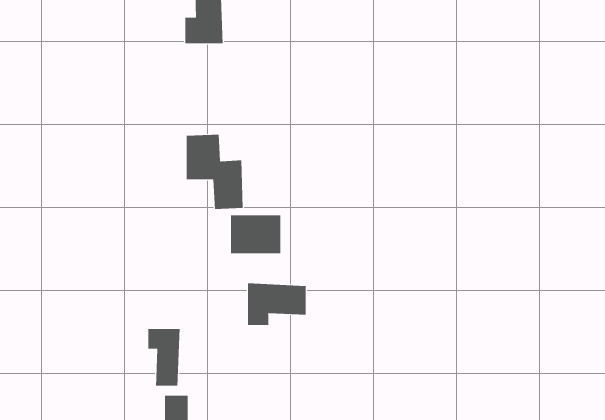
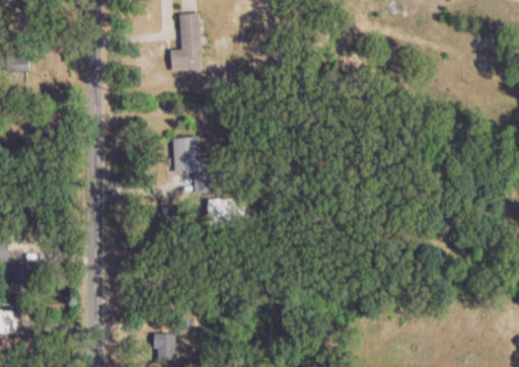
building: [247,282,306,326] -> none
building: [148,328,180,387] -> none

